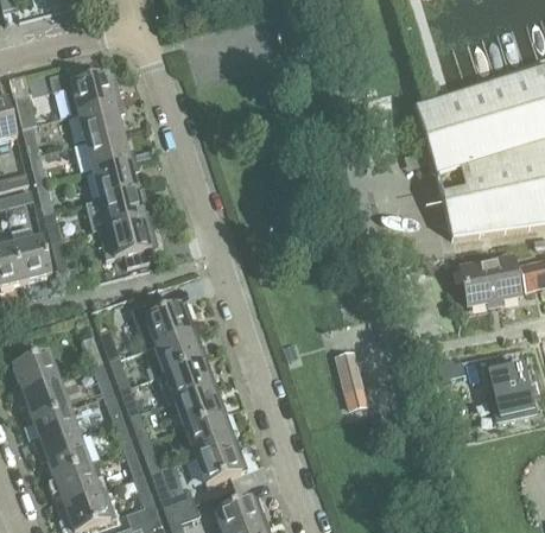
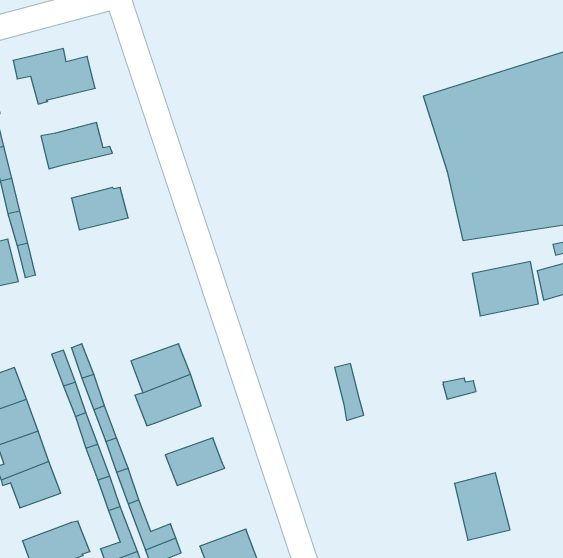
building: [77,100,123,140] -> none
building: [93,158,138,198] -> none
building: [99,216,158,267] -> none
building: [131,300,196,348] -> none
building: [484,361,534,421] -> [454,473,510,540]
building: [175,385,227,429] -> none
building: [195,440,247,484] -> none
building: [52,462,101,506] -> none

